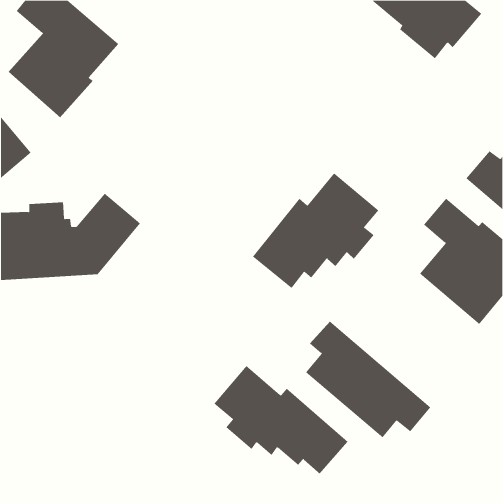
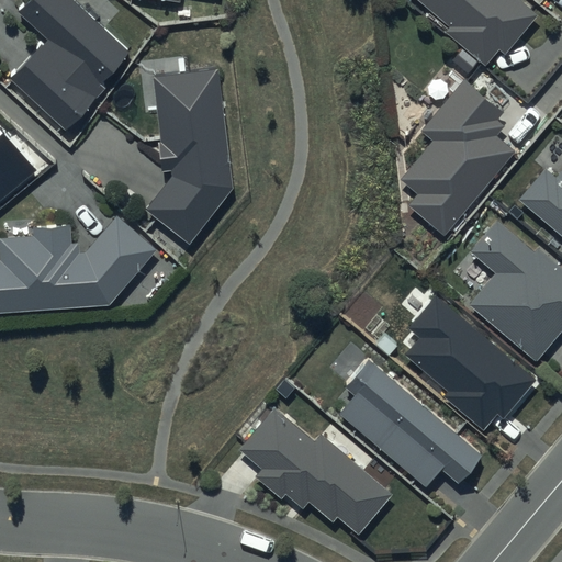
building: none -> [147,67,233,244]
building: none -> [402,77,514,232]
building: [252,172,379,289] -> none
building: none -> [407,296,537,430]

